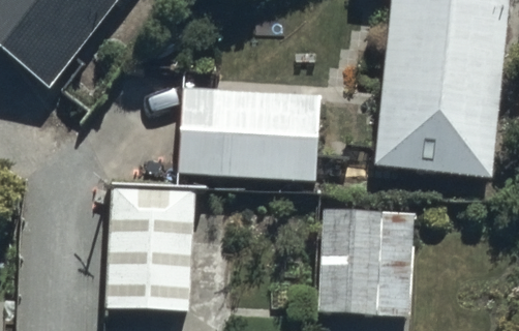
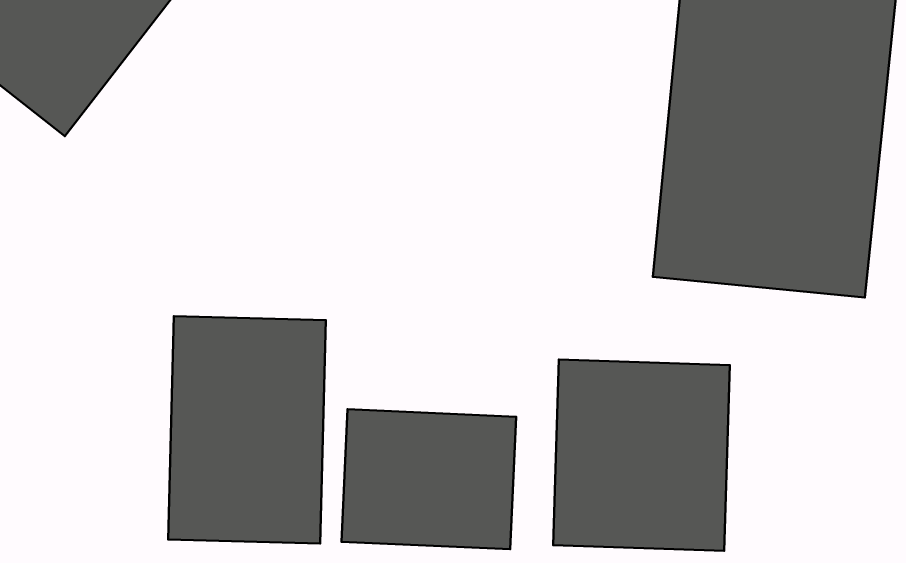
building: [179,87,322,181] -> none
building: none -> [342,409,516,549]

